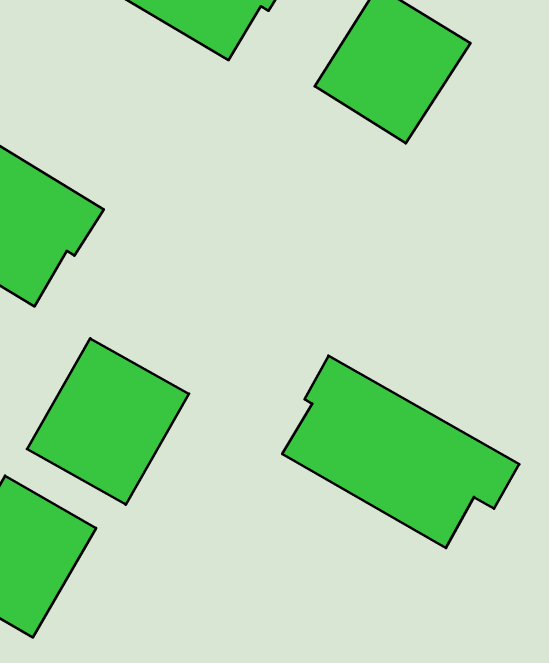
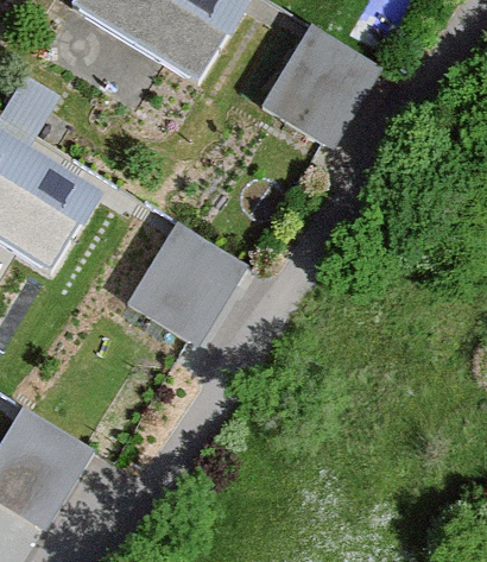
building: [27,338,189,505] -> [125,219,249,347]
building: [282,356,519,548] -> none

